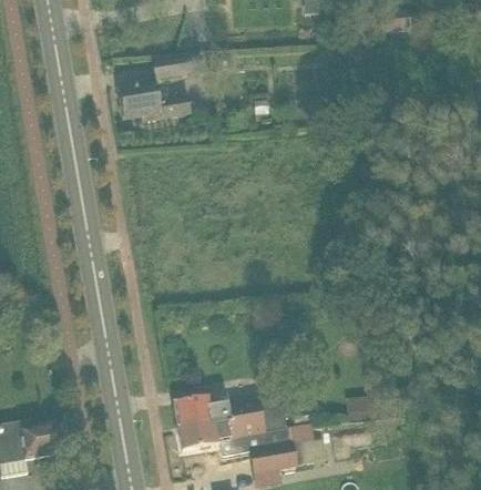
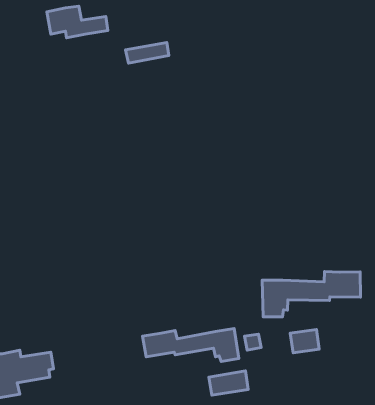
building: [117,83,190,121] -> [47,6,108,38]
building: none -> [262,271,360,317]
building: [176,416,265,450] -> none

